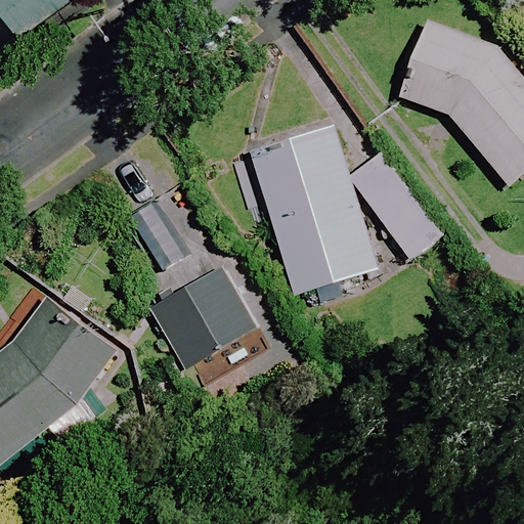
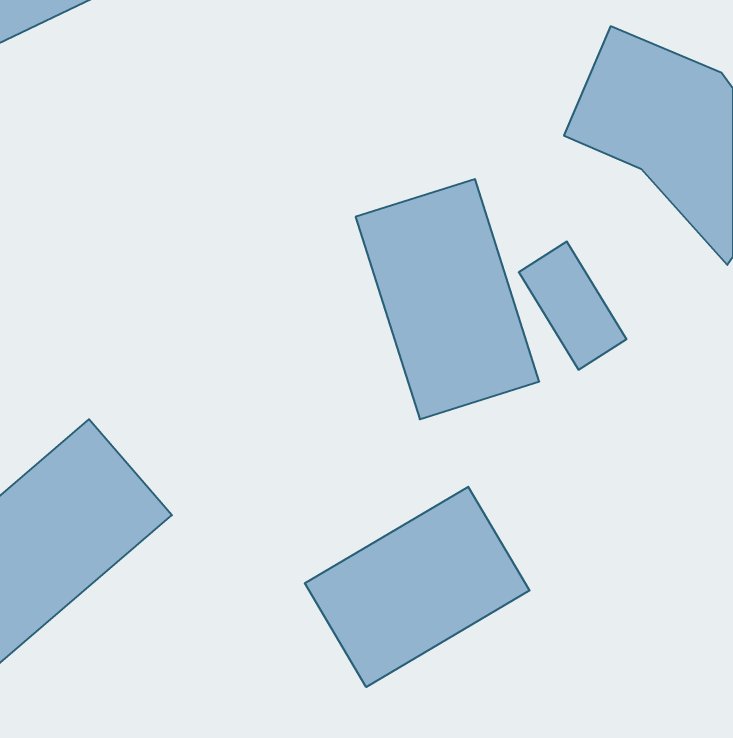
building: [148,266,257,369] -> none
building: none -> [305,487,530,687]

